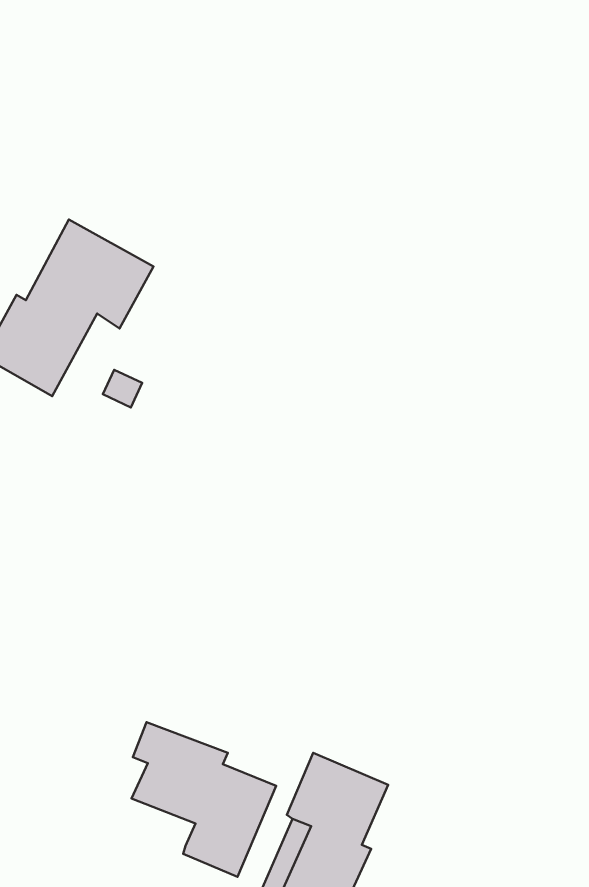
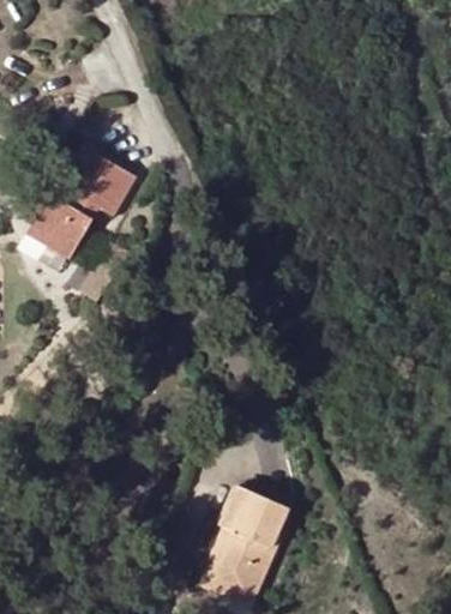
building: [132,722,276,877] -> none

